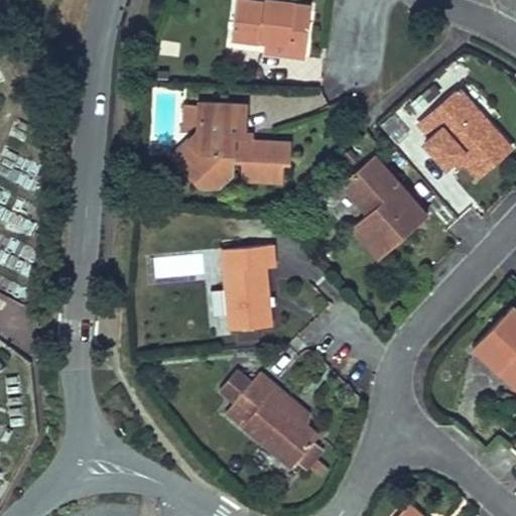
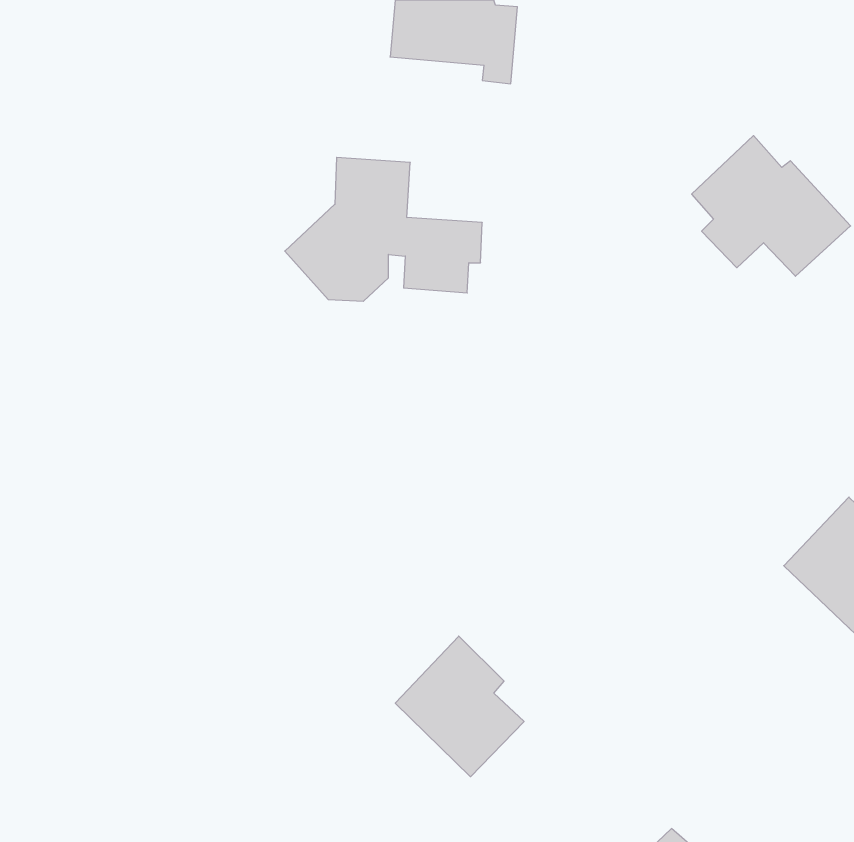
building: [342,157,426,259] -> none
building: [225,242,279,331] -> none
building: [218,370,277,431] -> none

